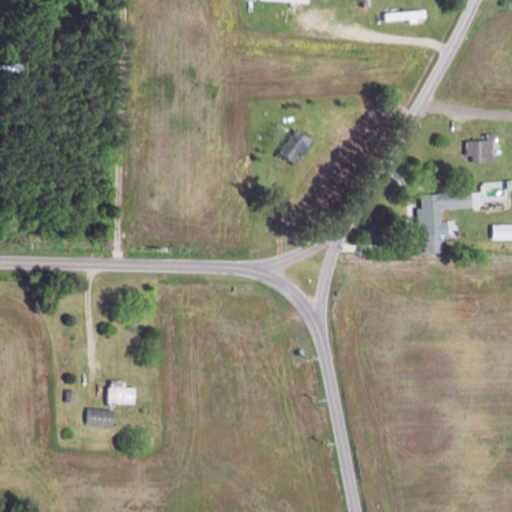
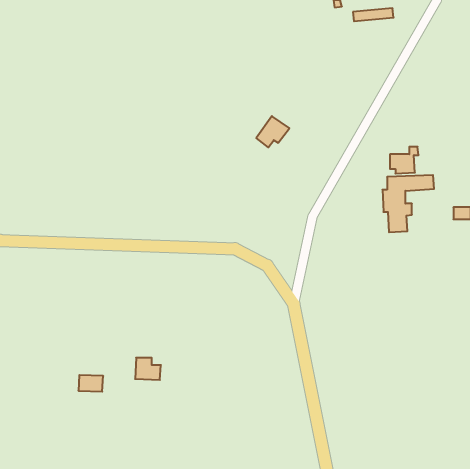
building: [466,133,497,162] -> [390,147,419,174]
building: [106,381,134,405] -> [135,358,161,380]

